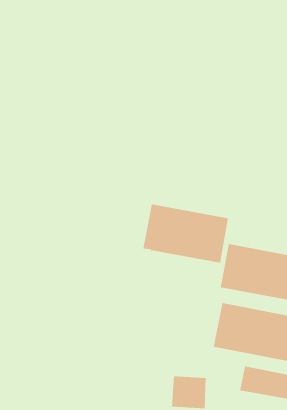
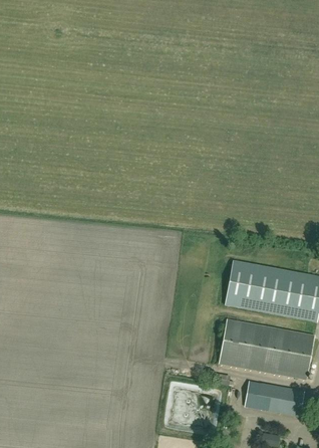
building: [142,204,229,264] -> none

